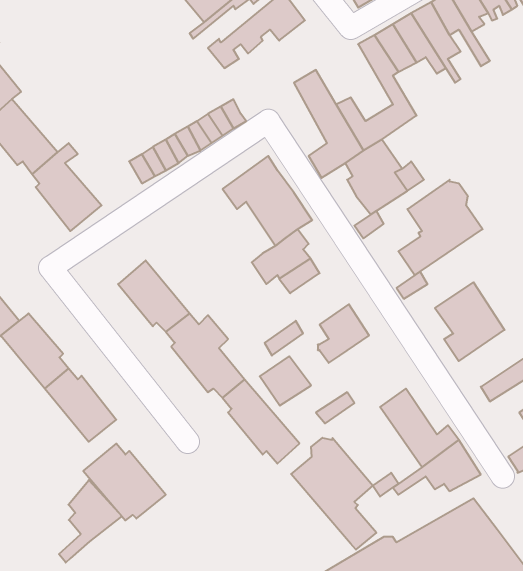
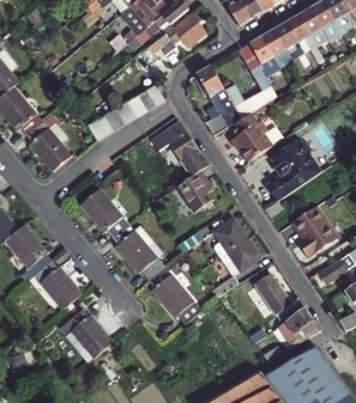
building: [260,356,311,406] -> [227,239,260,271]
building: [291,438,376,550] -> none
building: [59,480,122,563] -> none

